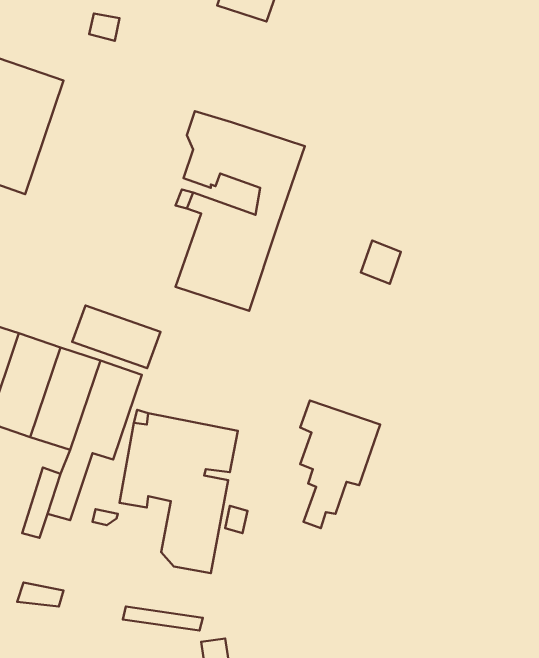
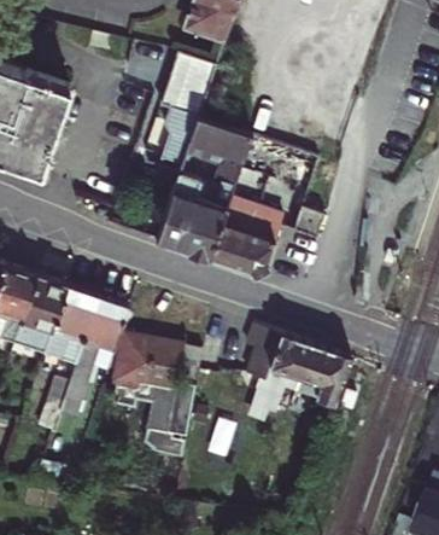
building: none -> [157,52,213,116]
building: none -> [209,193,285,274]
building: [72,305,160,368] -> none
building: none -> [292,344,349,403]

